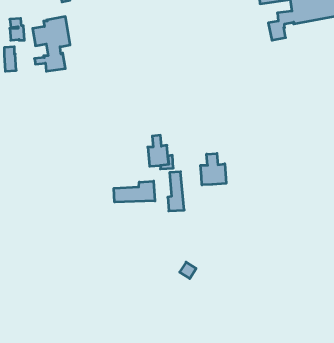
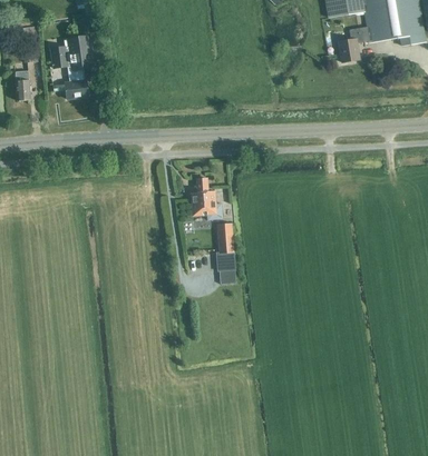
building: [201,153,226,185] -> none
building: [114,181,155,202] -> none

